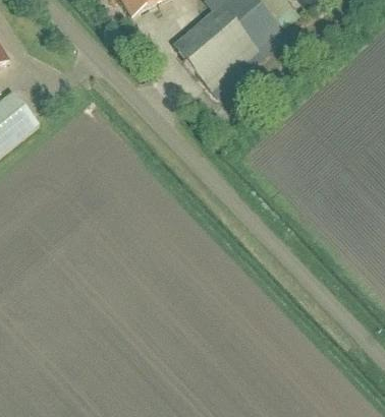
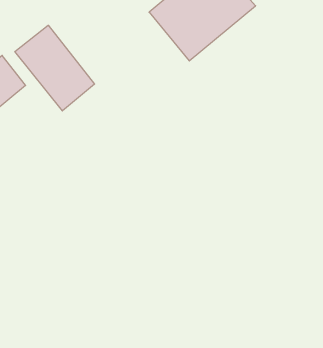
building: none -> [15,25,95,111]

